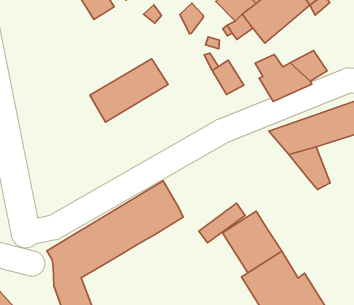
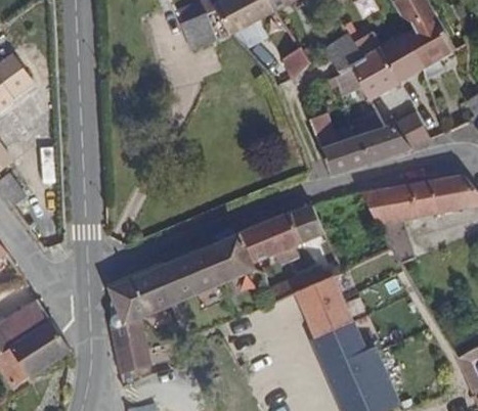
building: [90,59,168,122] -> [240,201,323,261]
building: none -> [319,137,367,175]

